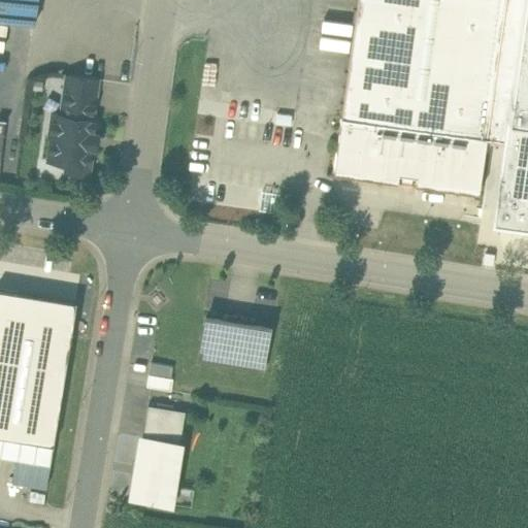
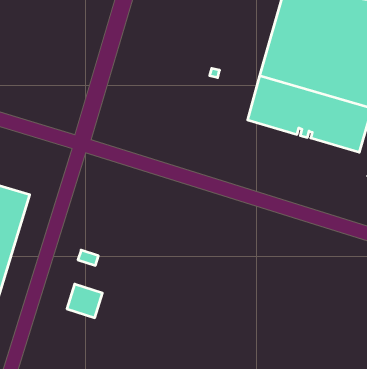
building: [48,77,98,176] -> none
building: [199,318,269,369] -> none
building: [133,440,179,506] -> none

